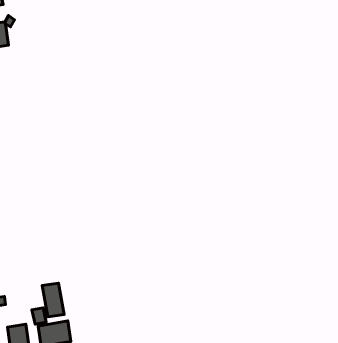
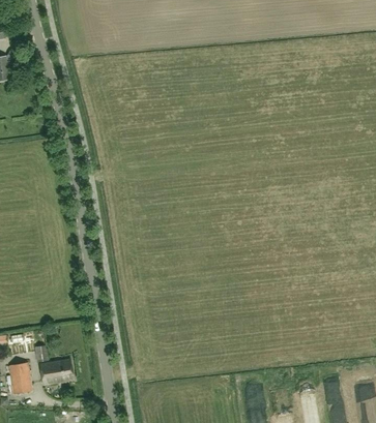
building: [42,283,64,317] -> none

